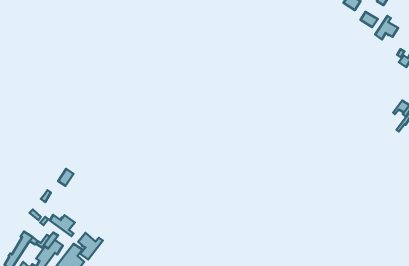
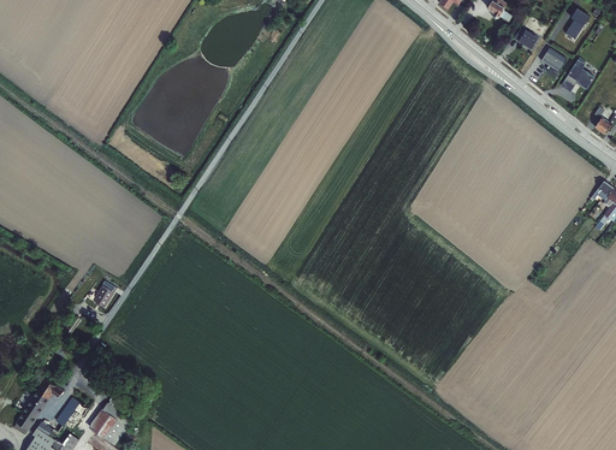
building: [50,215,75,236] -> none
building: [78,233,103,259] -> none

